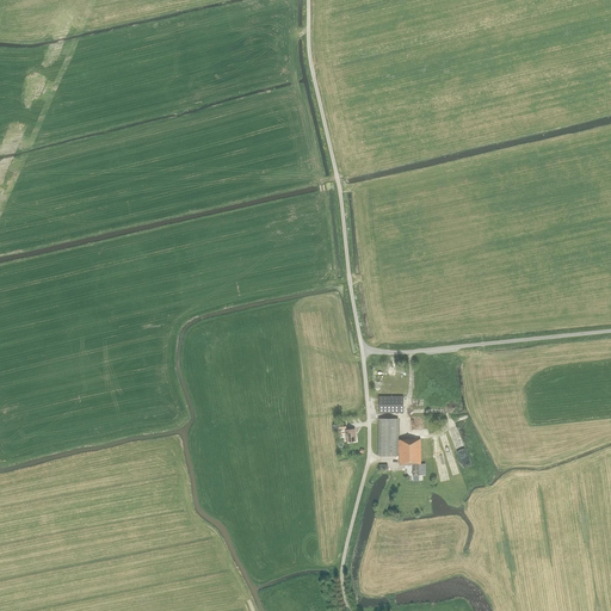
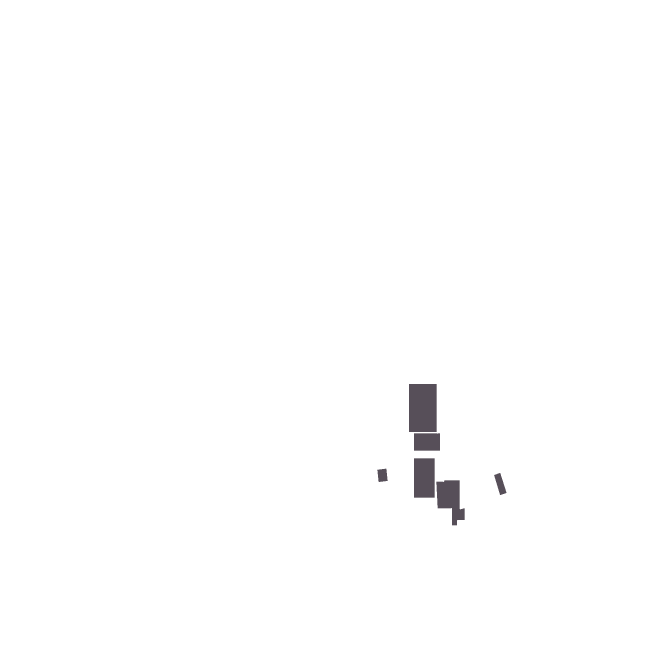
building: none -> [408,383,437,433]

